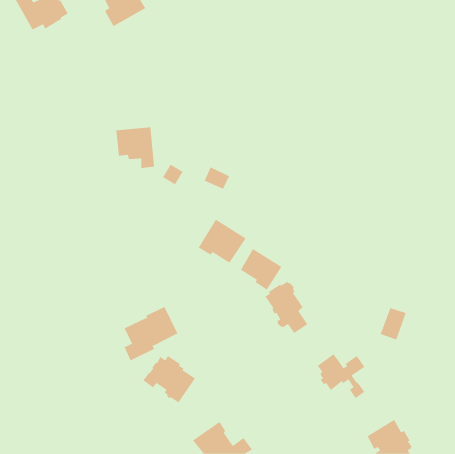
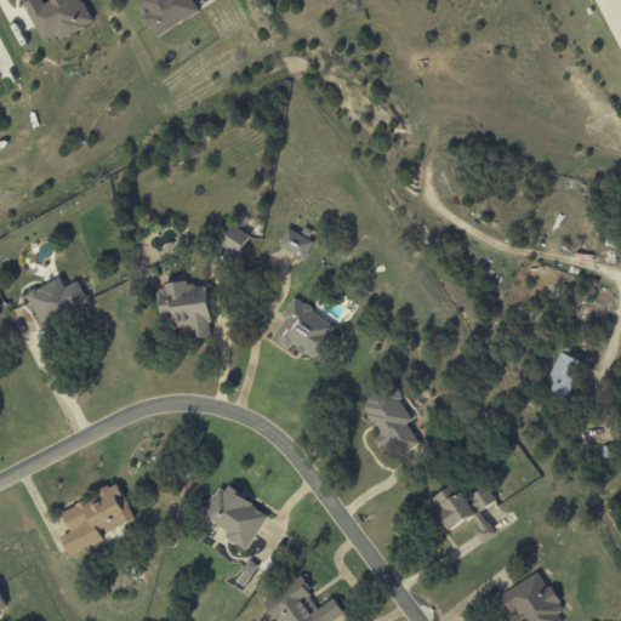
building: [116,127,155,169] -> [158,281,211,338]
building: none -> [25,277,89,327]
building: [240,248,282,290] -> none
building: [124,306,178,361] -> [61,480,135,556]
building: [380,307,407,340] -> [545,352,581,397]

